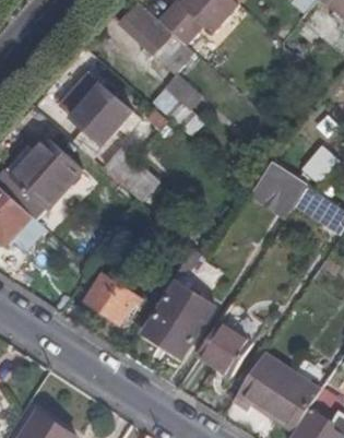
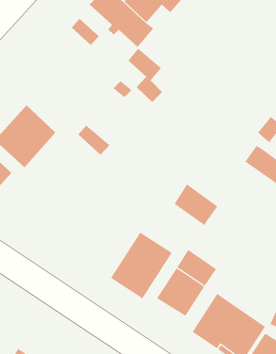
building: [71,85,132,146] -> none
building: [259,157,309,205] -> [174,184,218,226]
building: [81,246,143,324] -> none

